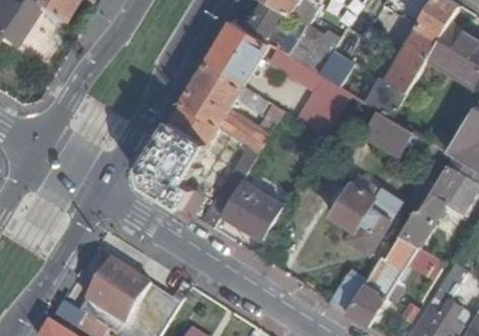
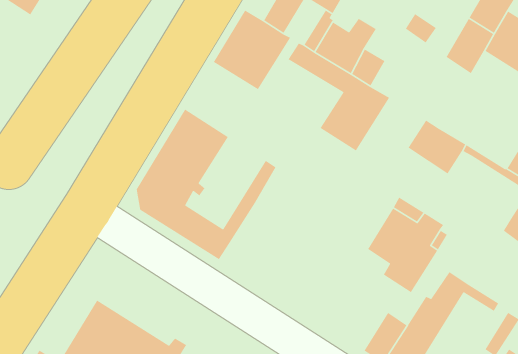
building: [363,59,417,117] -> none
building: [182,63,282,149] -> none
building: [399,178,450,246] -> none
building: [219,179,281,238] -> none

